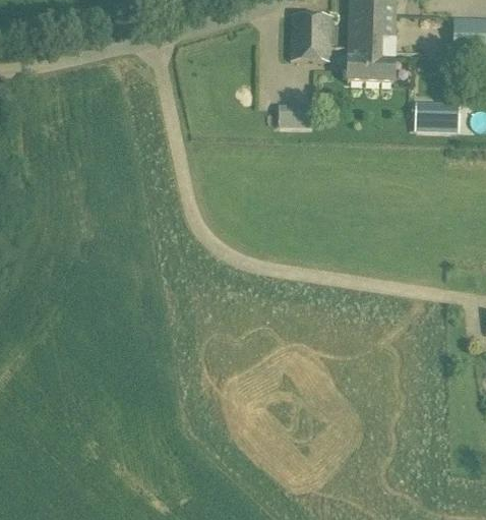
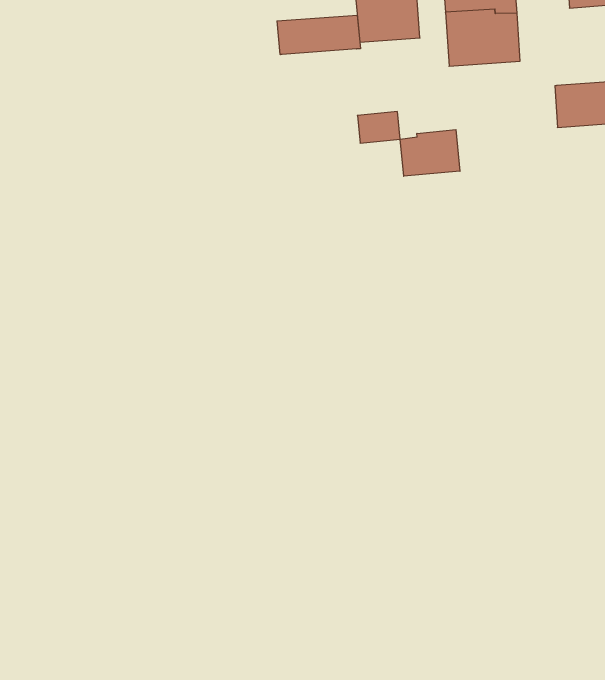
building: none -> [277,15,360,55]
building: none -> [400,130,460,176]

